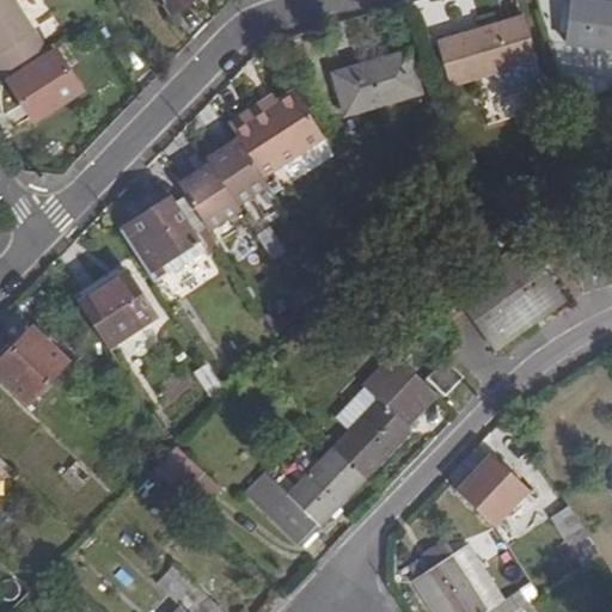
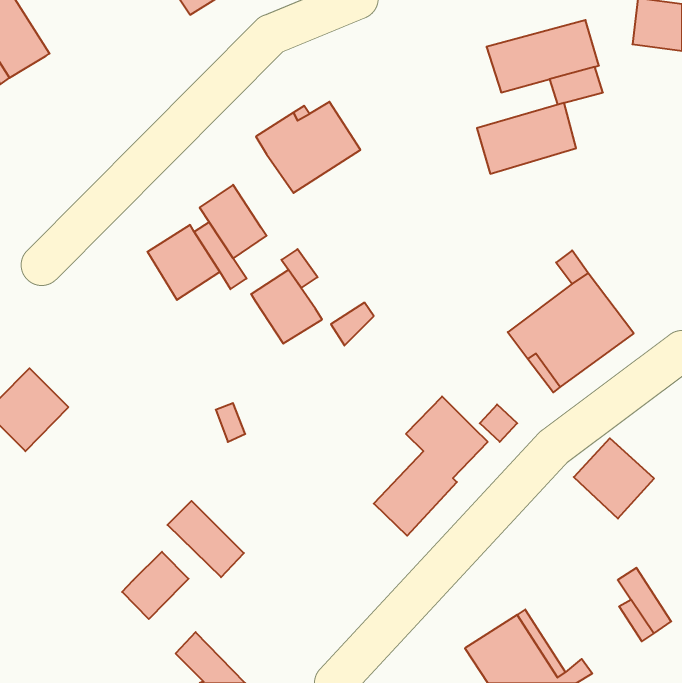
building: [8,49,79,120] -> none
building: [330,51,418,115] -> [477,103,576,174]
building: [204,137,268,203] -> [251,270,322,344]
building: [79,273,153,345] -> none
building: [253,449,363,545] -> none
building: [454,453,526,525] -> [574,438,654,519]
building: none -> [122,552,189,619]

